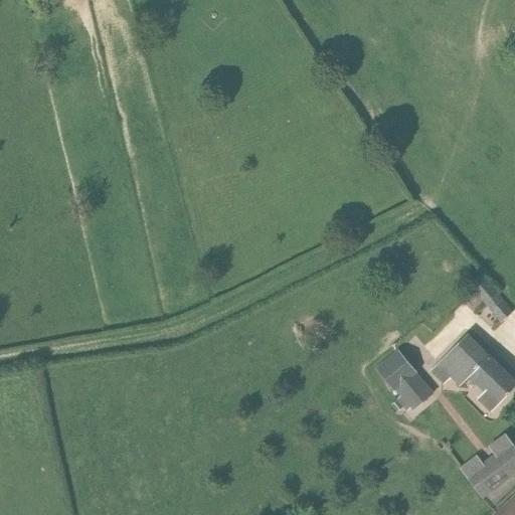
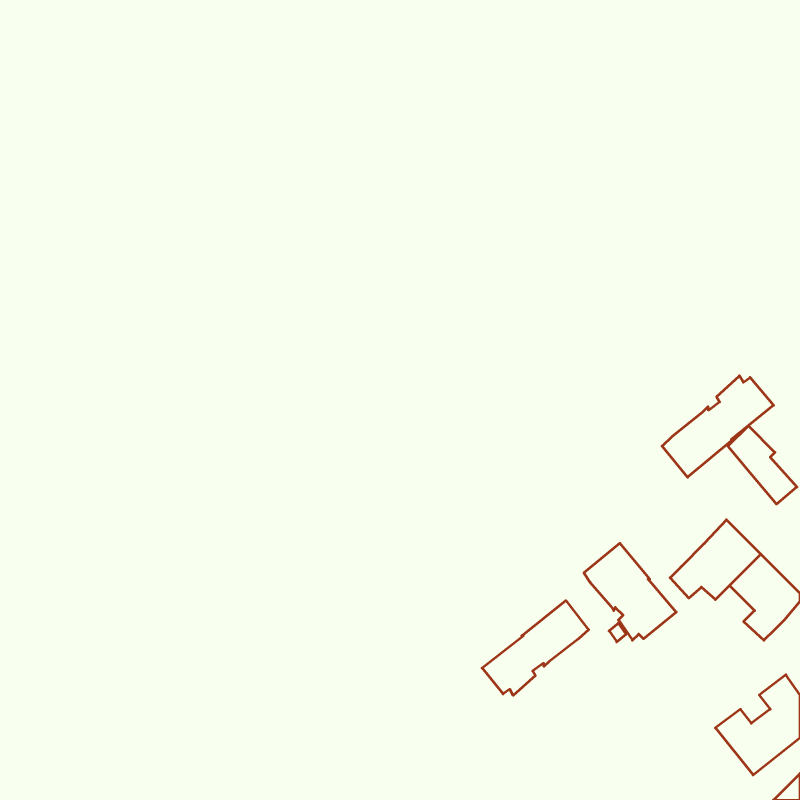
building: none -> [662,376,774,477]
building: none -> [482,601,589,695]

